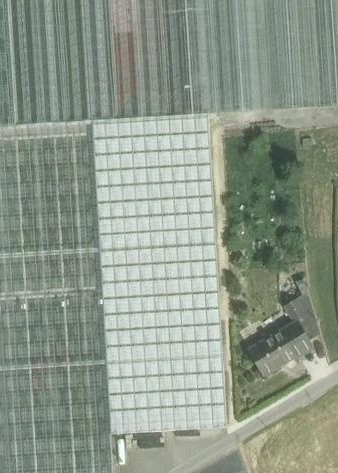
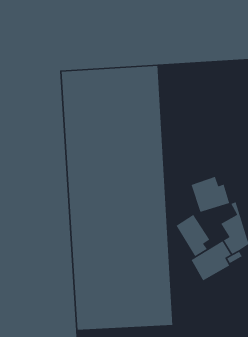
building: none -> [191,176,230,213]
building: none -> [176,214,210,257]

